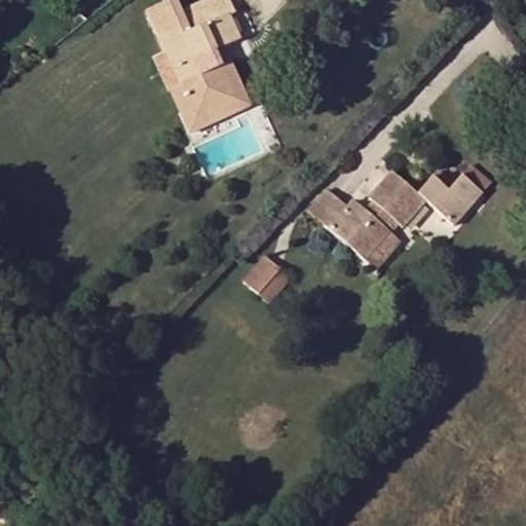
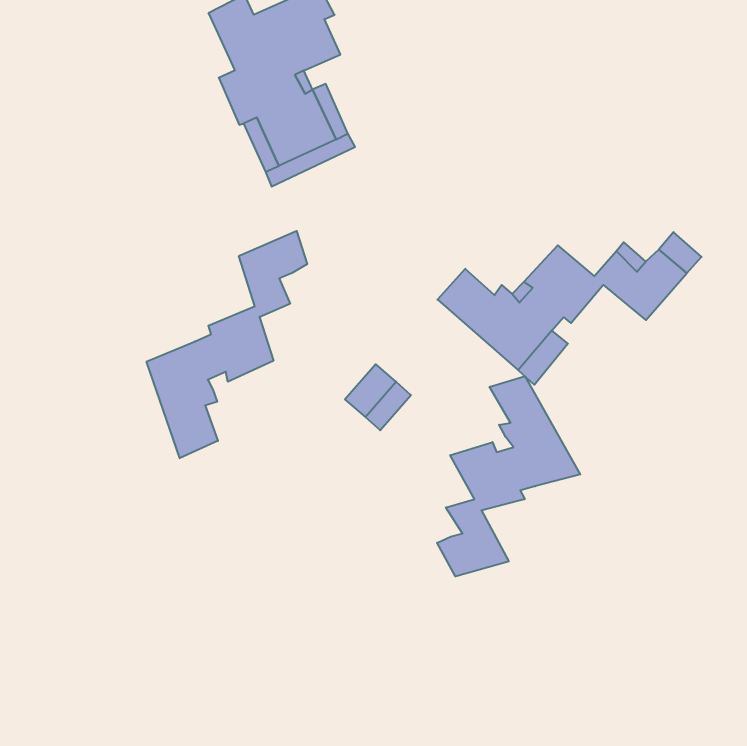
building: none -> [147,231,307,458]
building: none -> [437,376,580,576]

